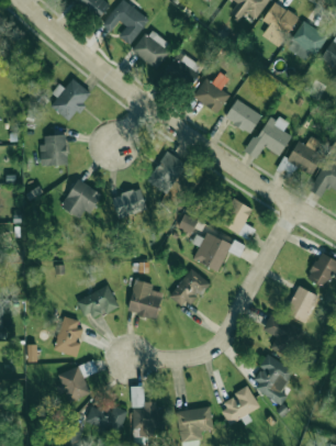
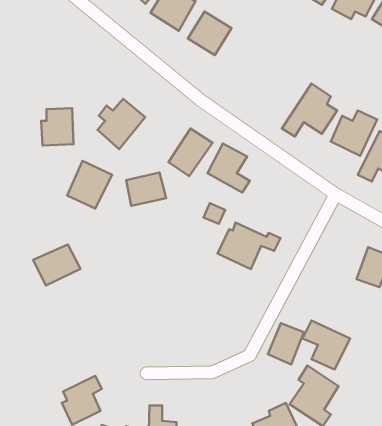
building: [192,73,229,113] -> none
building: [51,79,91,122] -> [97,99,145,149]
building: [225,100,261,133] -> none
building: [219,198,255,239] -> [207,143,250,192]
building: [171,268,209,309] -> none
building: [127,280,163,319] -> none
building: [78,286,119,321] -> [33,244,81,286]
building: [285,287,316,322] -> [268,323,304,364]
building: [54,316,82,356] -> none

